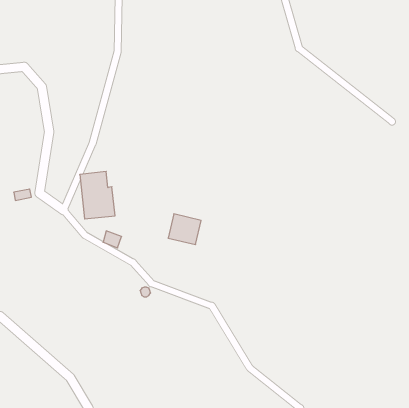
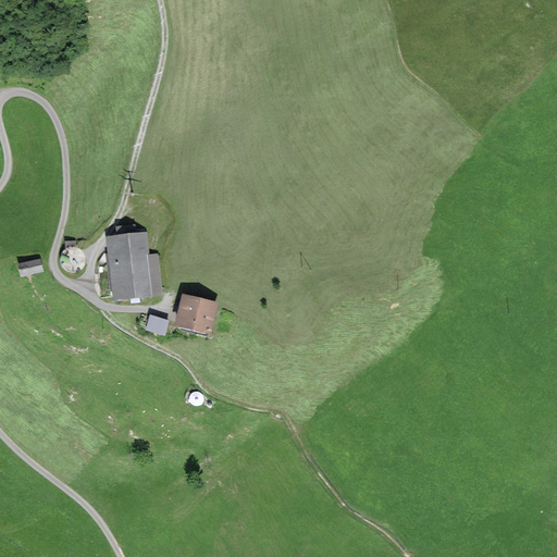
building: [168,214,201,245] -> [172,294,216,335]

